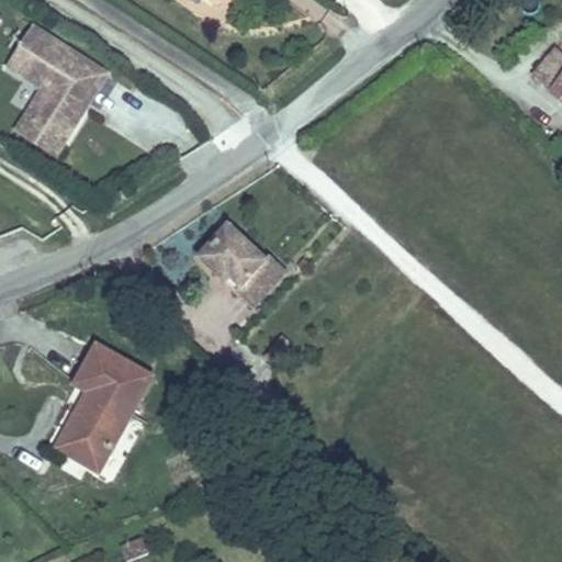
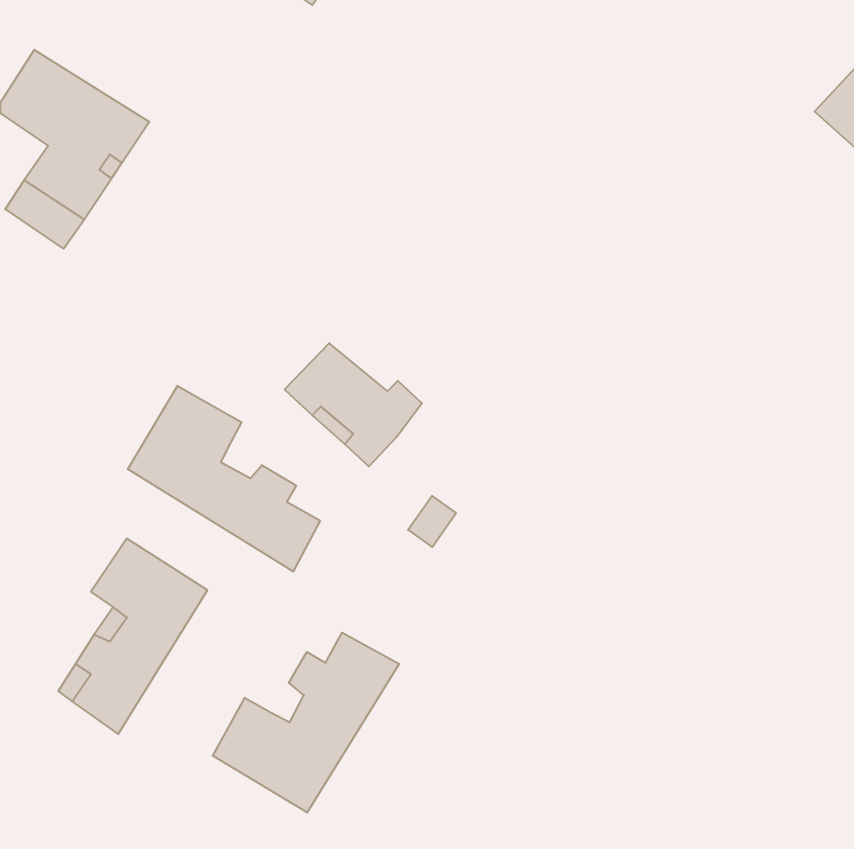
building: none -> [128,386,320,572]
building: none -> [213,633,399,813]

